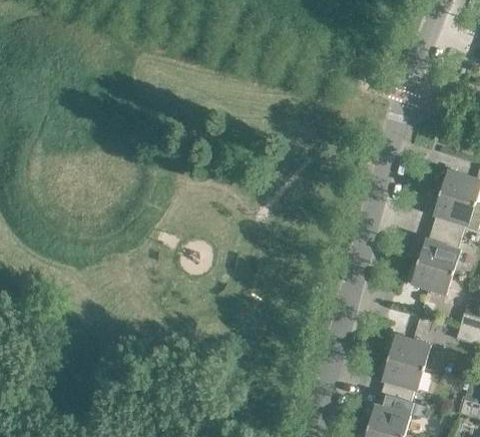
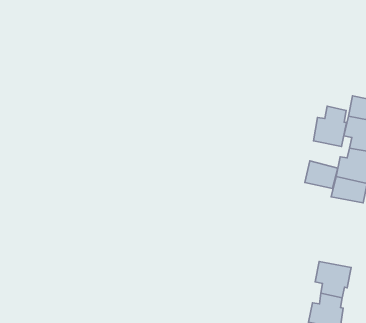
building: none -> [314,106,347,146]
building: none -> [305,161,338,189]
building: [388,334,430,367] -> none

